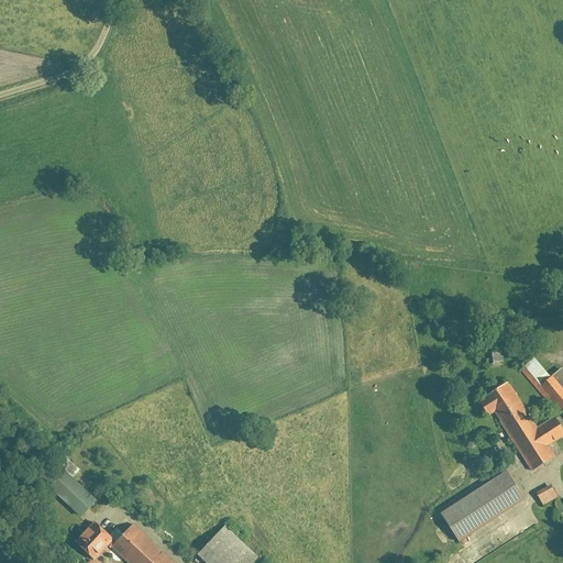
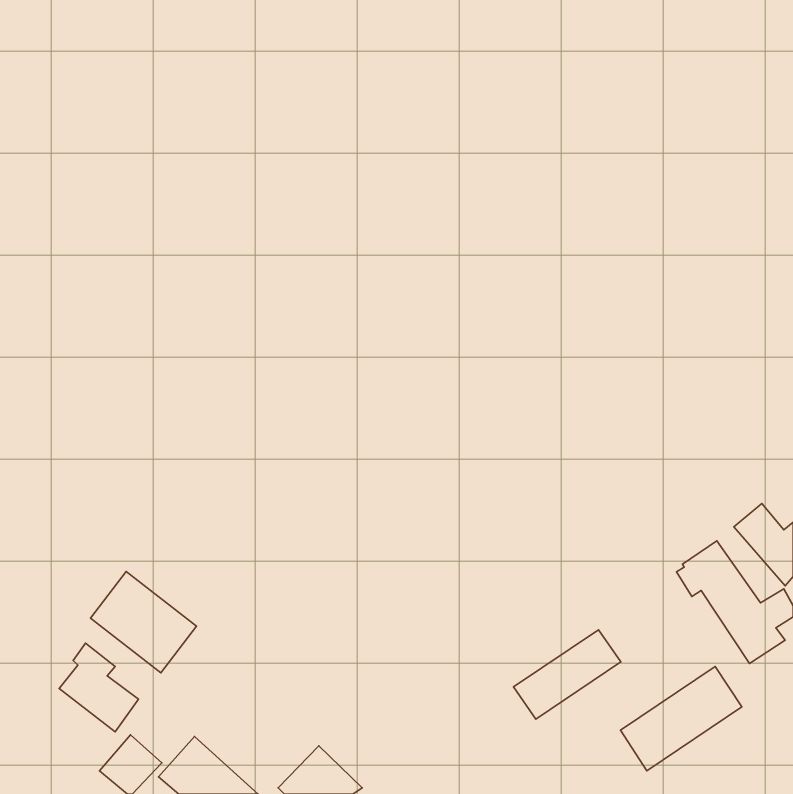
building: none -> [90,572,197,673]
building: none -> [514,630,621,719]

